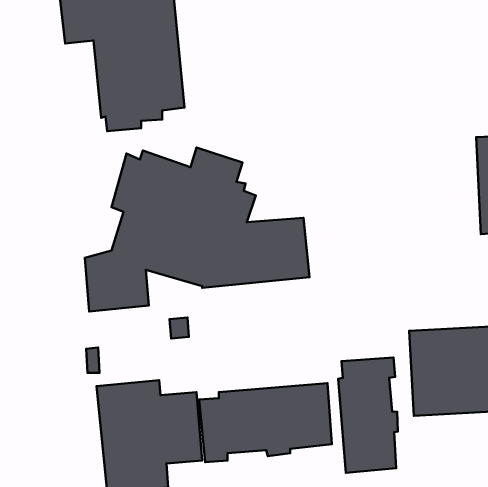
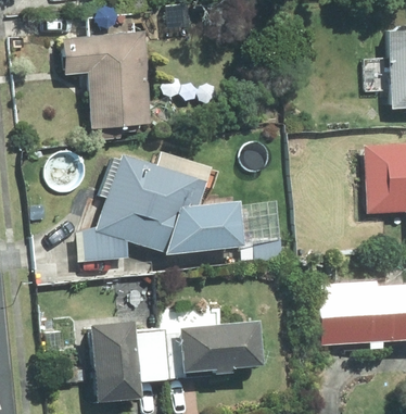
building: [338,358,398,473] -> none

